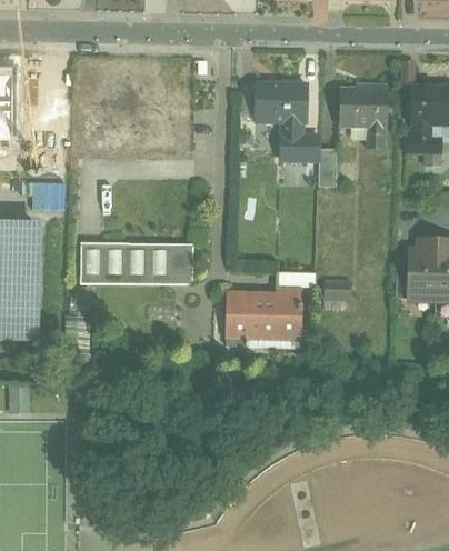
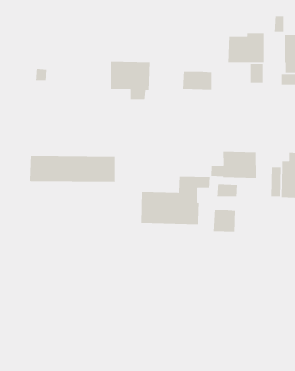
building: [256,83,308,134] -> [110,61,150,100]
building: [318,148,337,186] -> none
building: none -> [211,151,257,179]
building: none -> [213,209,236,233]

